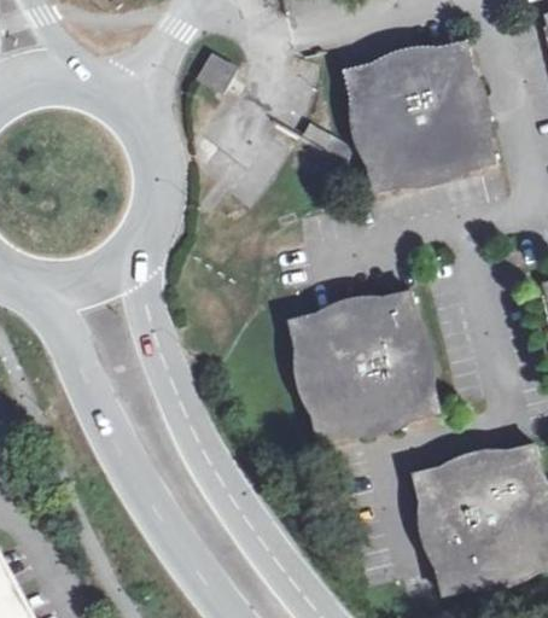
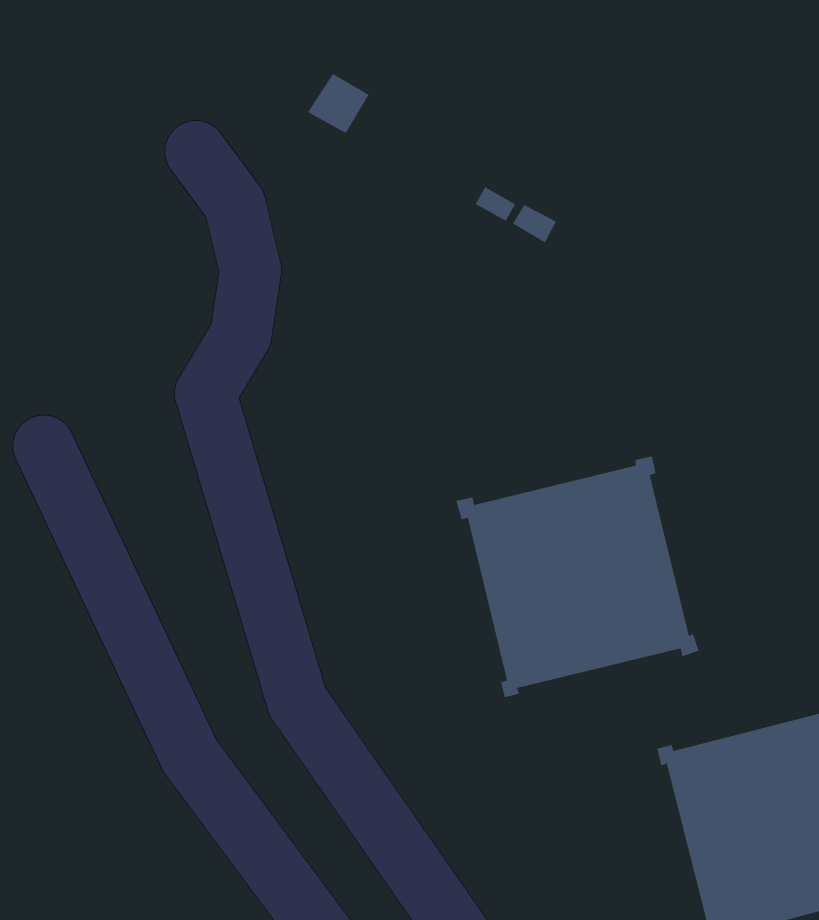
building: [345,42,495,193] -> none

